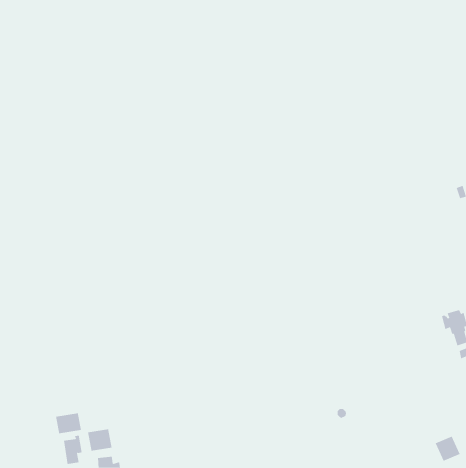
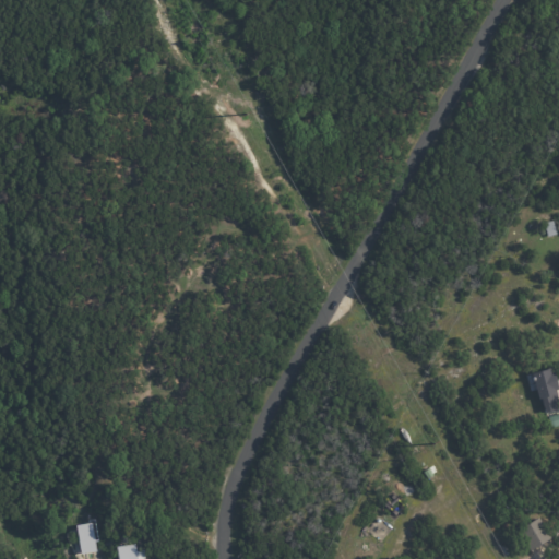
building: [55,413,81,434] -> none
building: [87,428,112,452] -> none

